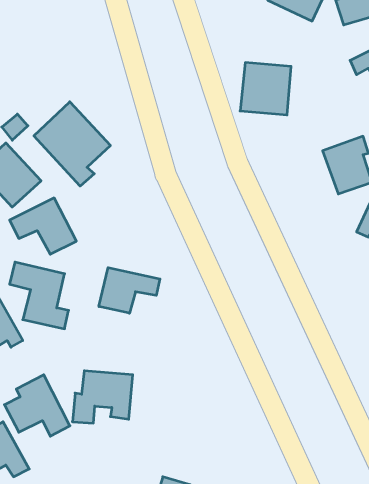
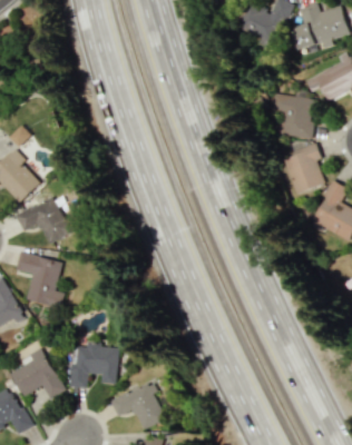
building: [240,63,291,115] -> [270,92,313,137]
building: [34,102,110,186] -> none
building: [99,268,160,313] -> none
building: none -> [109,379,165,428]

